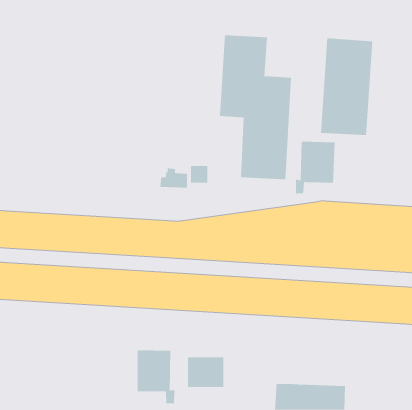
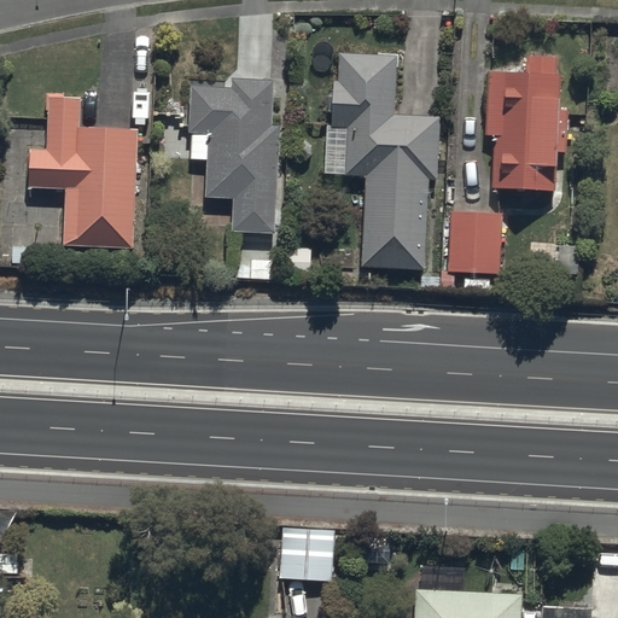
building: none -> [190,78,281,237]
building: none -> [29,93,139,247]
building: [137,349,175,404] -> none

